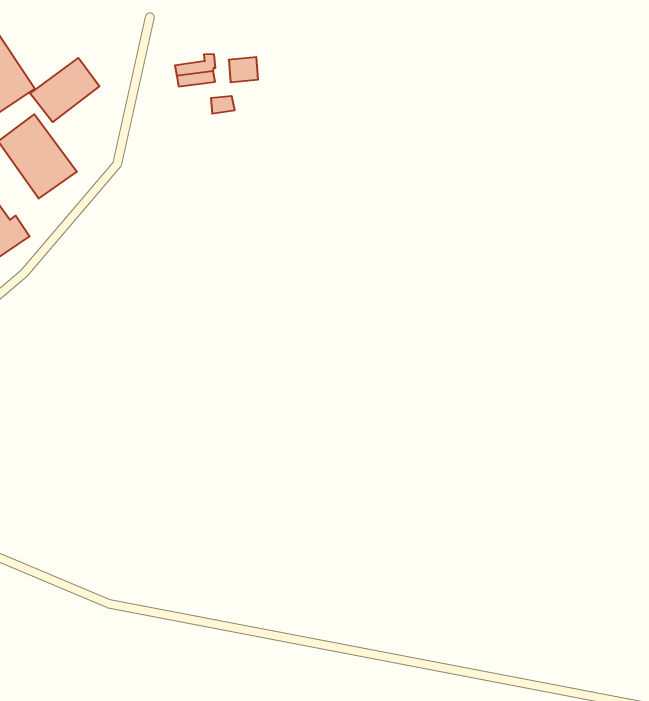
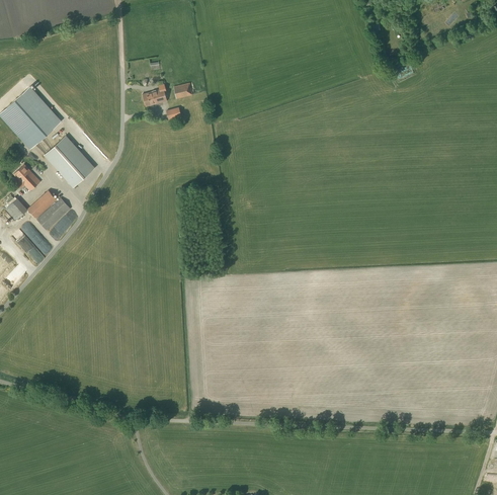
building: [30,58,99,122] -> none

